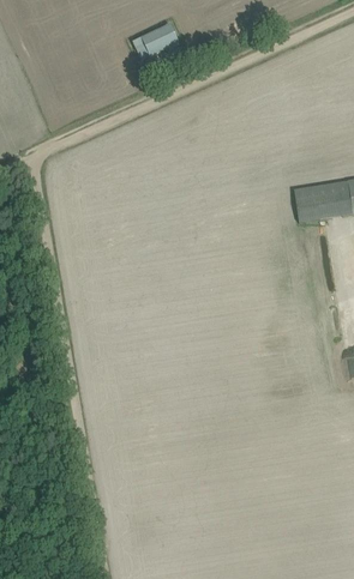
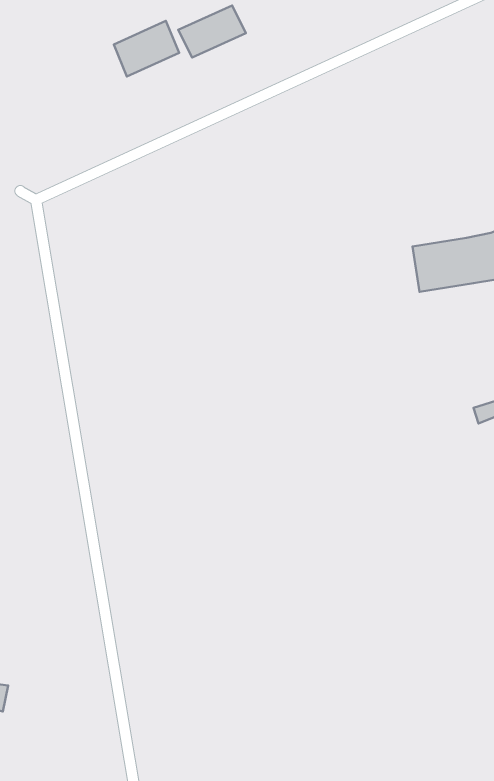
building: none -> [114,21,179,76]

